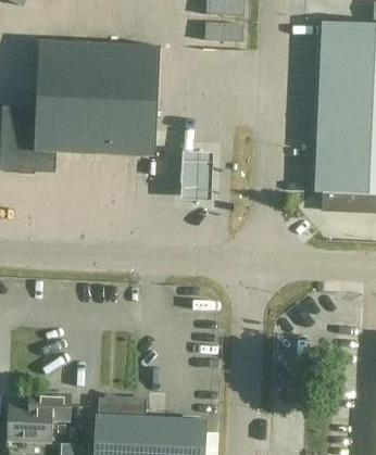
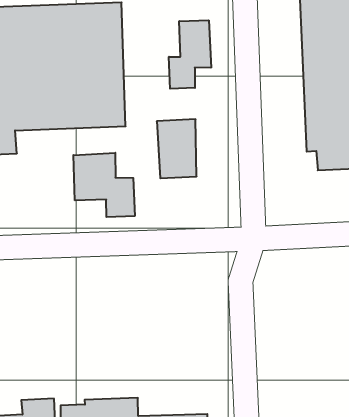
building: none -> [169,20,211,89]
building: none -> [73,153,135,217]

